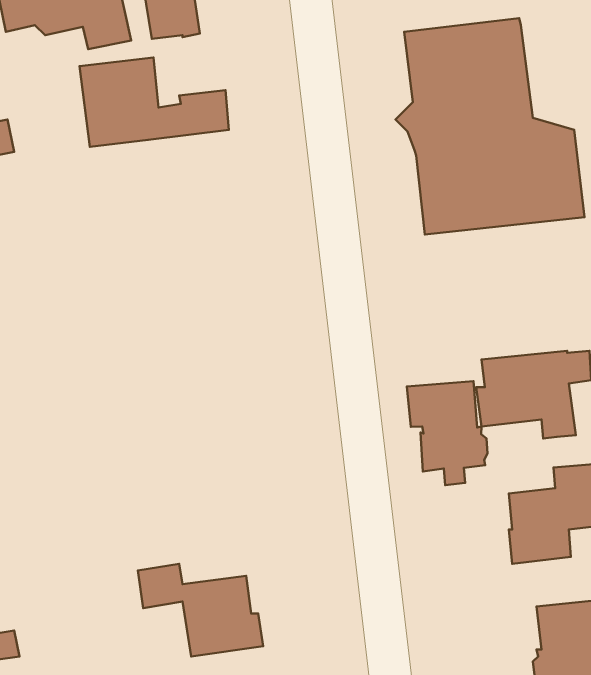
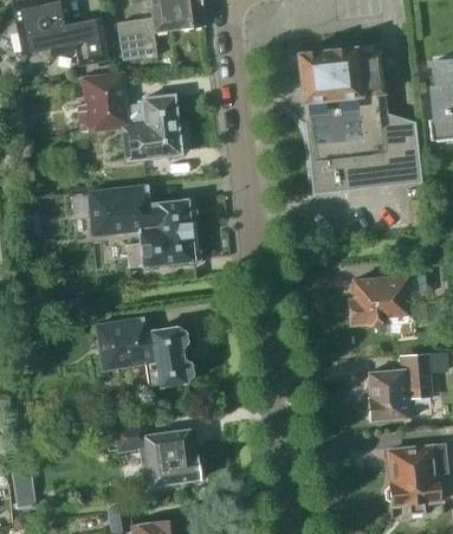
building: none -> [121,122,181,162]
building: none -> [88,185,194,268]
building: [407,381,487,485] -> none
building: none -> [95,319,193,388]

